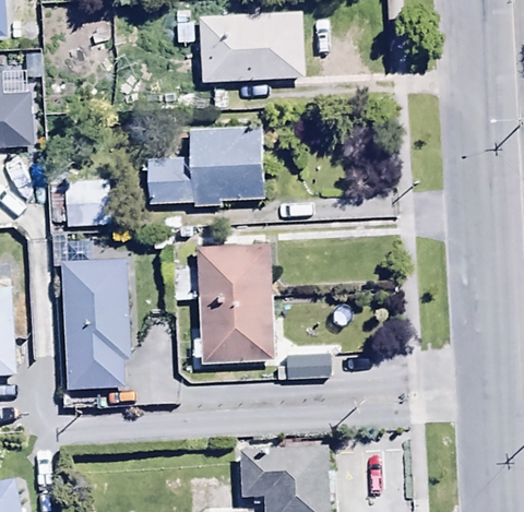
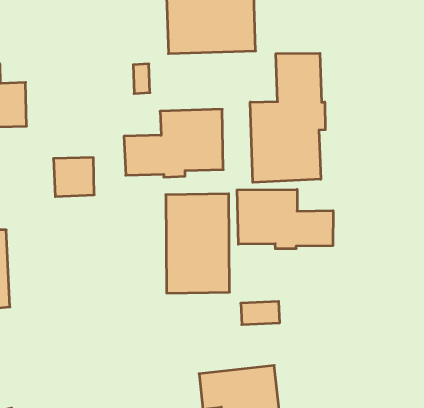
building: none -> [250,53,325,182]
building: none -> [237,189,333,249]
building: [60,265,133,402] -> none

